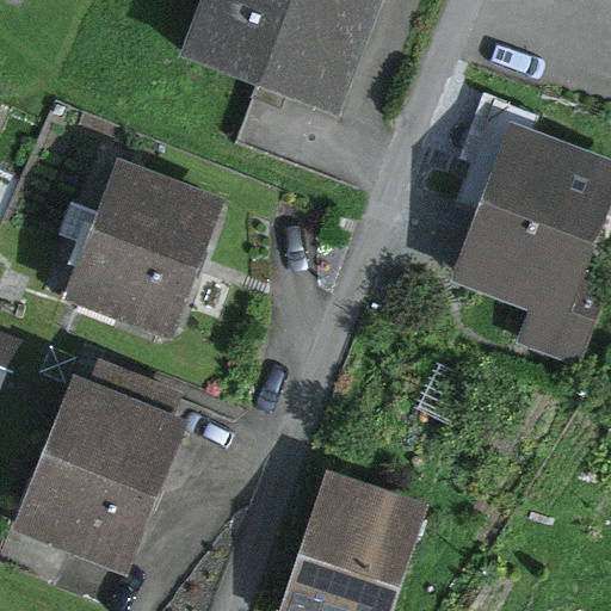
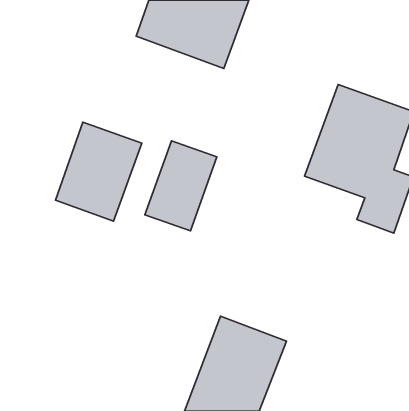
building: none -> [145,141,217,231]
building: [20,400,172,586] -> none

